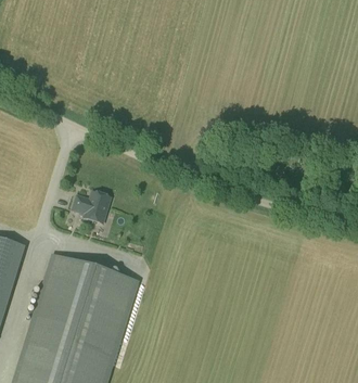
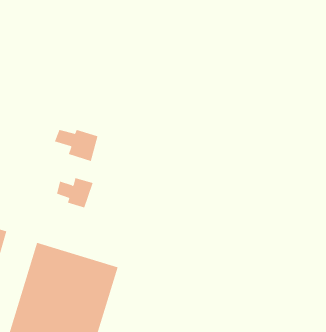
building: none -> [54,129,98,162]

